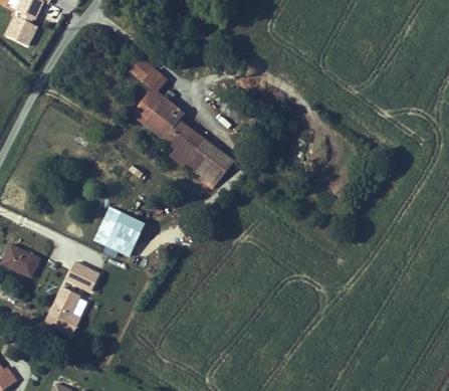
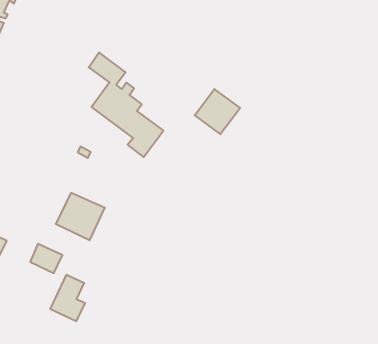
building: [186,140,234,188] -> [195,89,240,134]
building: [43,286,80,336] -> [50,275,85,321]

